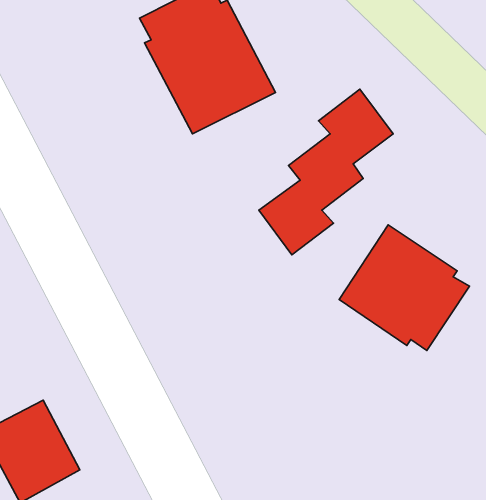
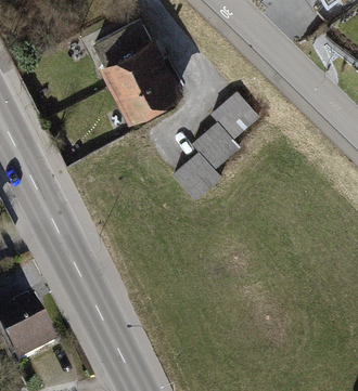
building: [339,225,469,351] -> none

